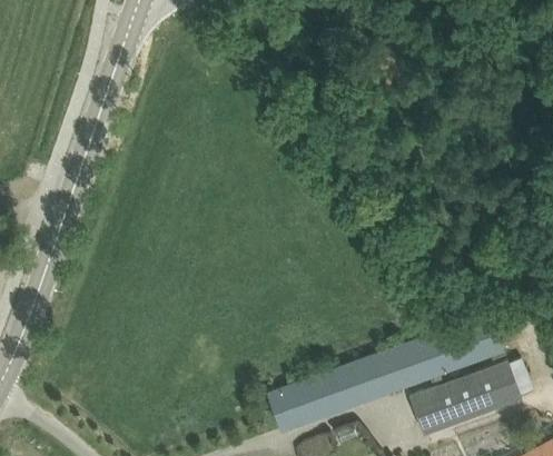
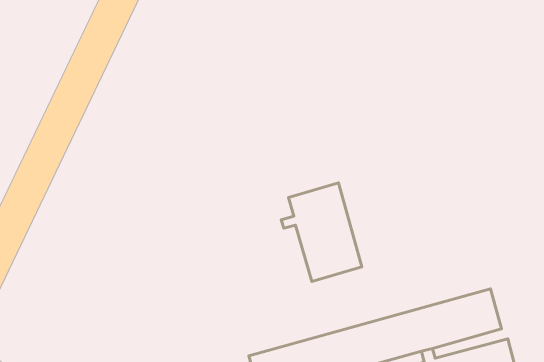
building: none -> [281,183,362,281]

